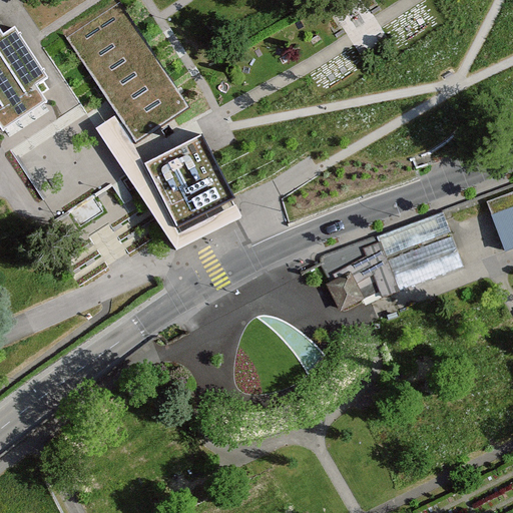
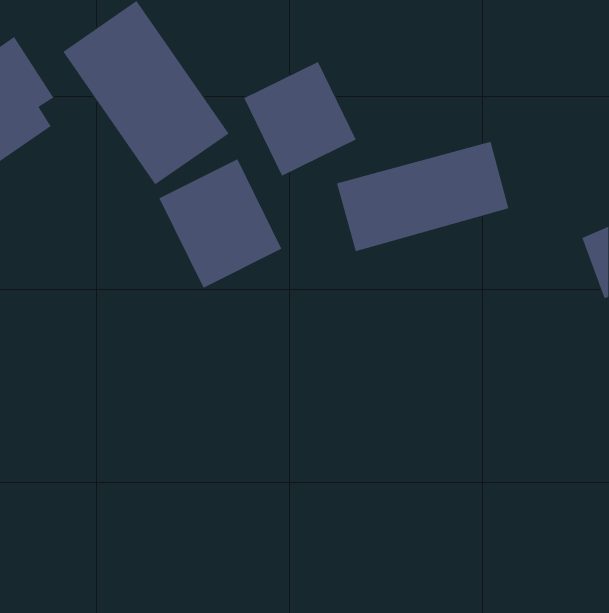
building: none -> [244,61,356,177]
building: [320,213,464,306] -> [336,141,509,252]

